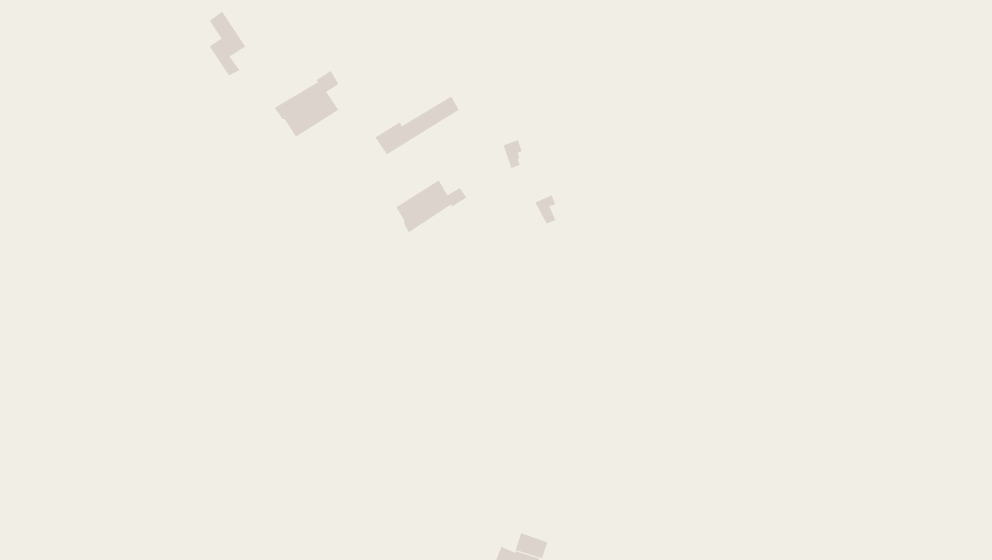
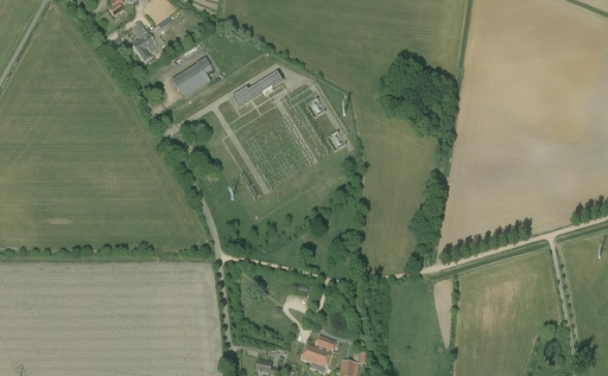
building: [395,180,467,233] -> none

